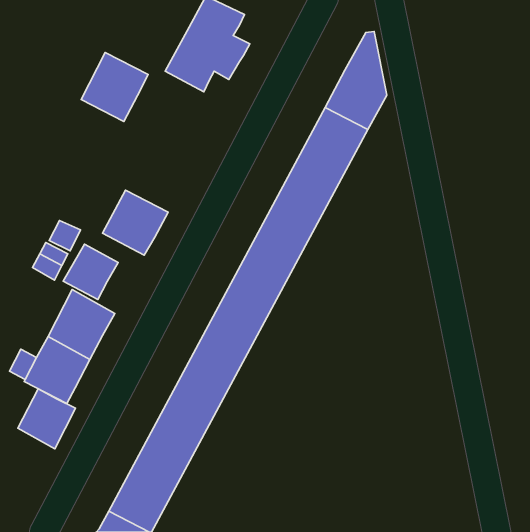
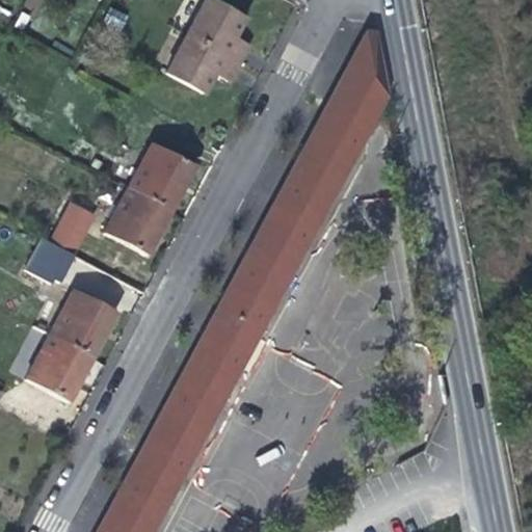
building: [81,53,148,122] -> [129,142,195,211]
building: [63,244,118,300] -> none
building: [18,389,75,449] -> none

